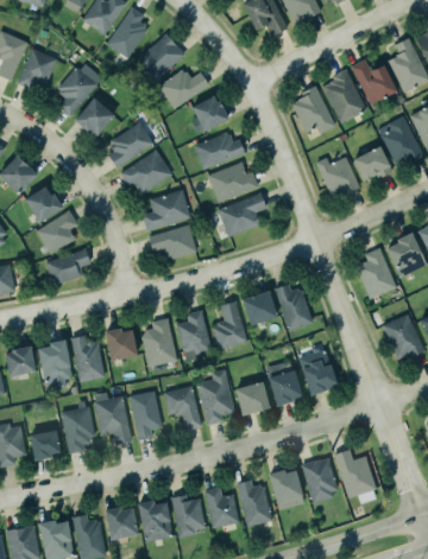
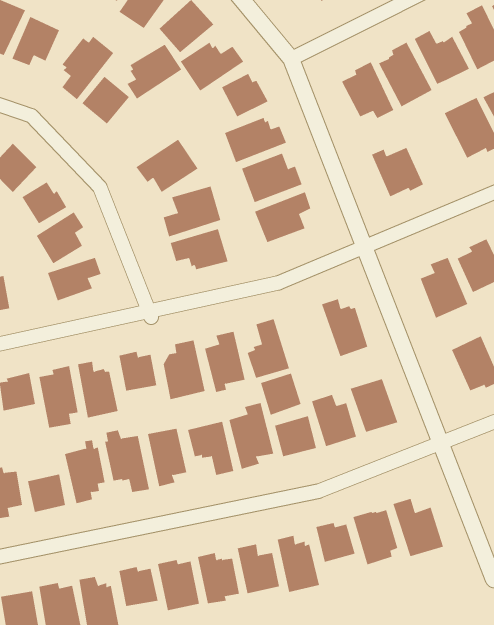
building: [108,122,155,169] -> [126,44,182,99]
building: [353,146,394,180] -> none
building: [244,290,278,325] -> [260,373,302,416]

